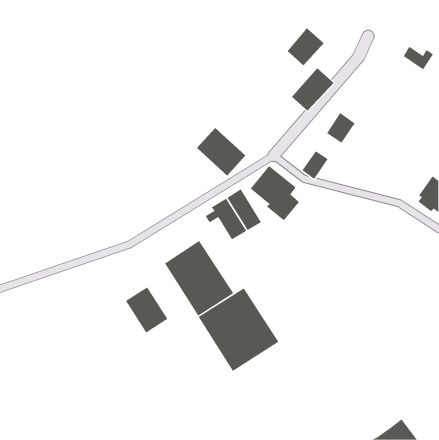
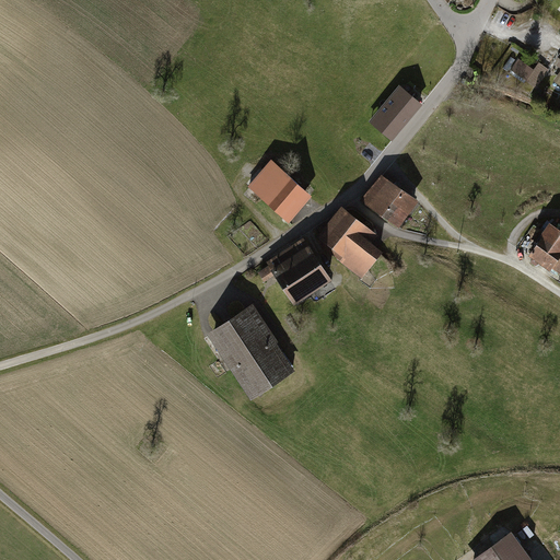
building: [287,27,324,66] -> none
building: [326,112,355,143] -> [362,176,399,215]
building: [125,286,168,333] -> none
building: [198,287,279,372] -> none

